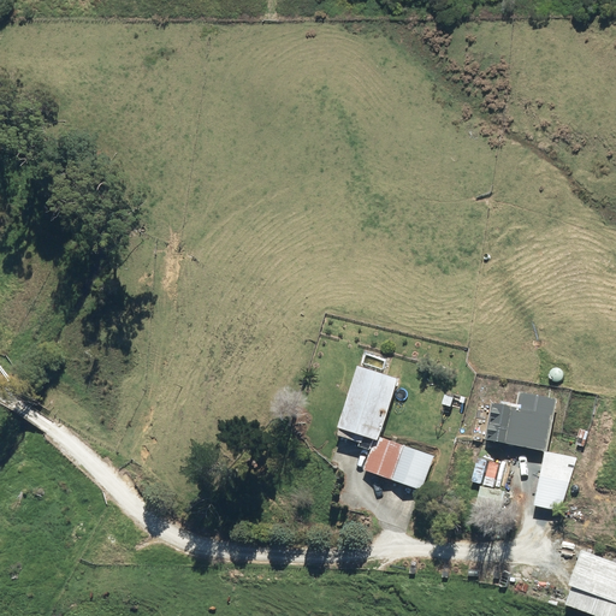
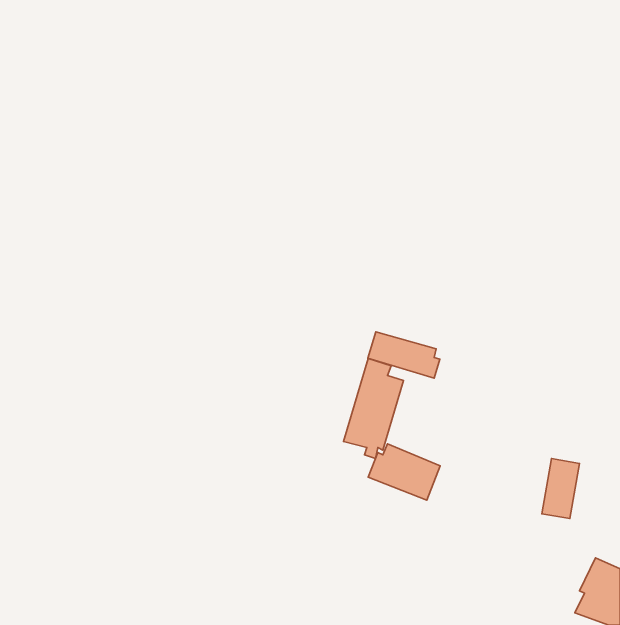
building: none -> [368,332,440,378]
building: [485,392,555,450] -> none

